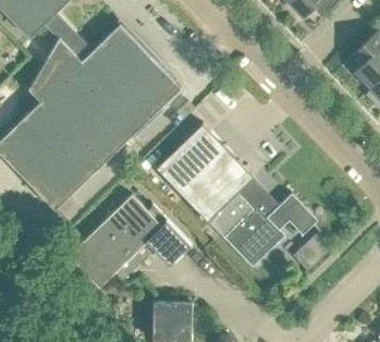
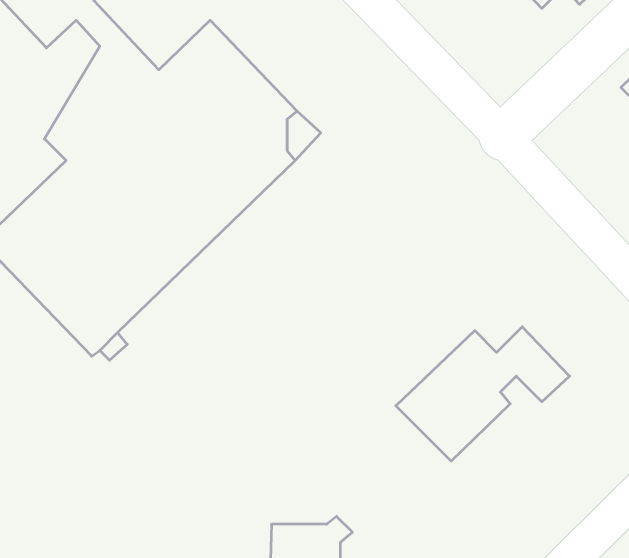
building: [157,123,266,236] -> none
building: [69,194,192,288] -> none

